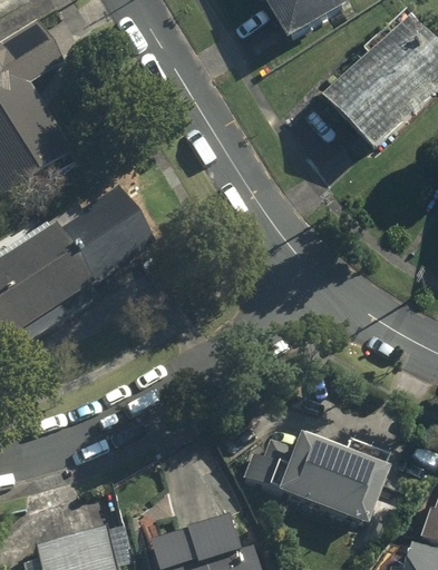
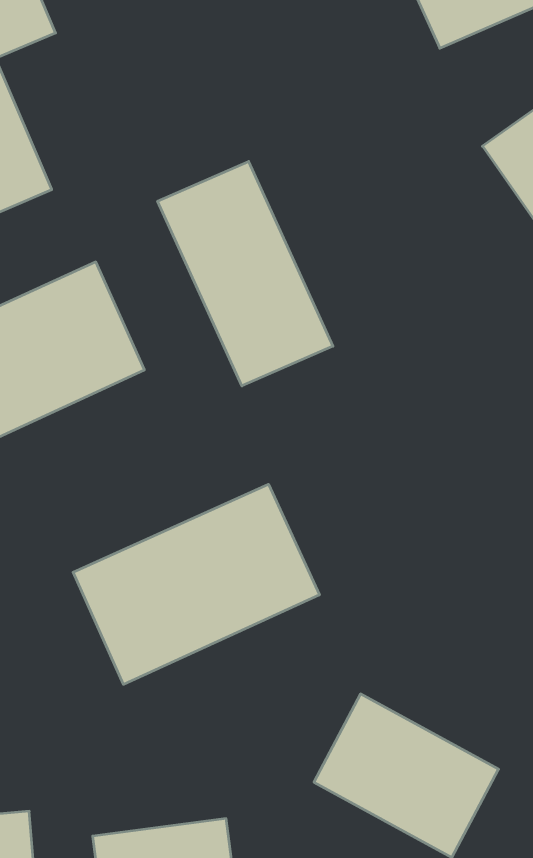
building: none -> [158,161,333,386]
building: none -> [73,484,319,684]

